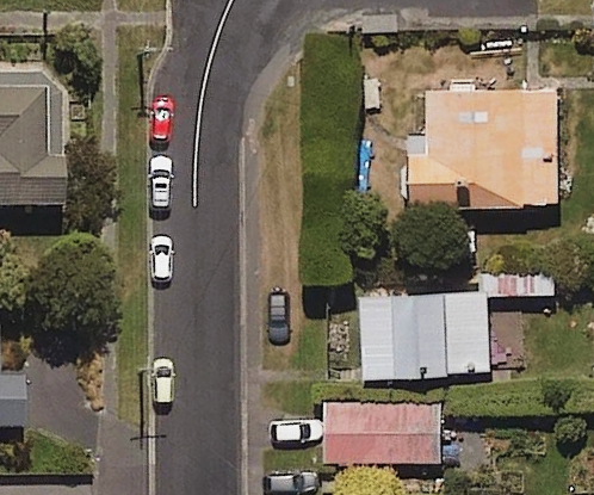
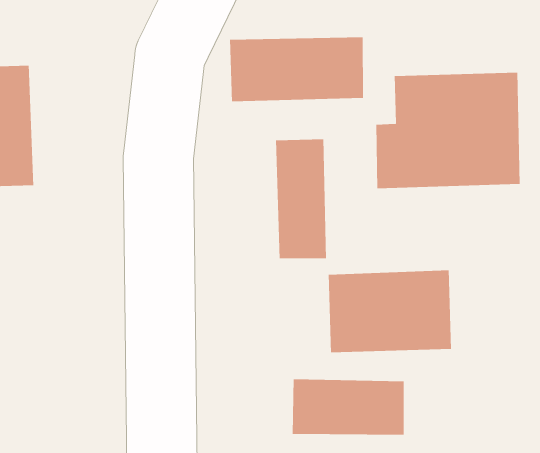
building: none -> [229,37,364,102]
building: none -> [275,138,327,259]

